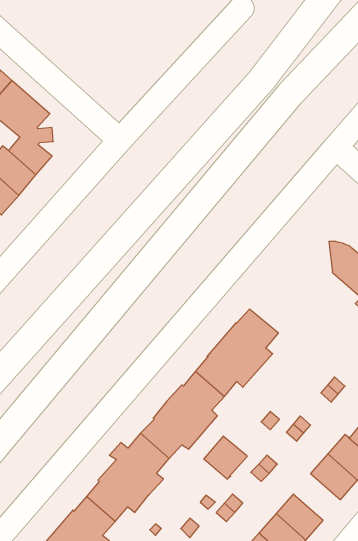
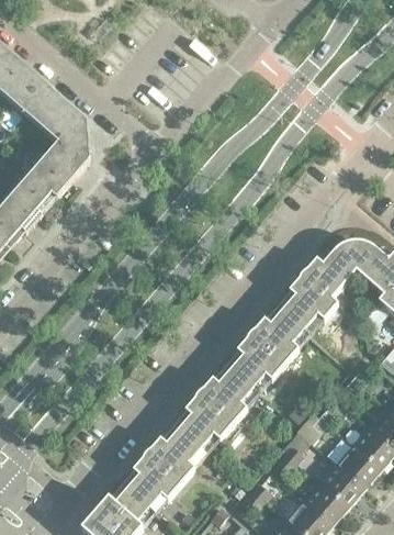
building: none -> [278,239,357,327]
building: [204,436,247,479] -> none
building: none -> [319,461,364,506]

